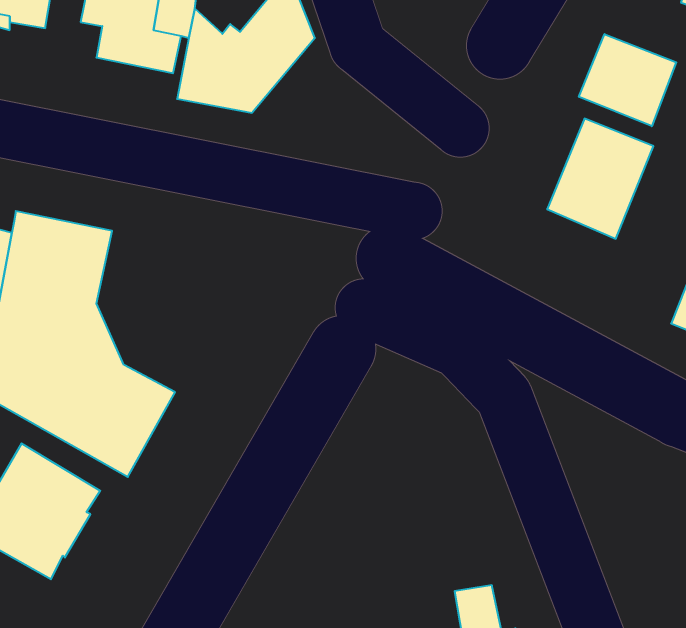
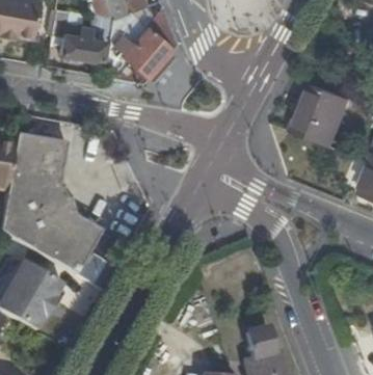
building: [579,34,676,126] -> none

